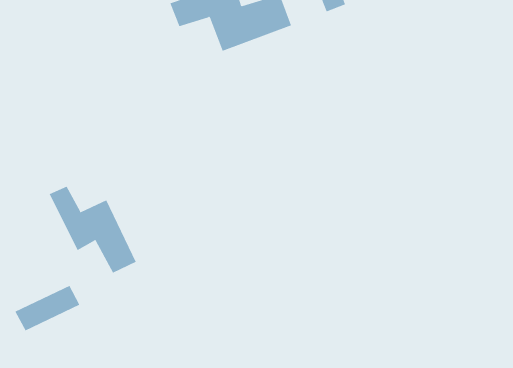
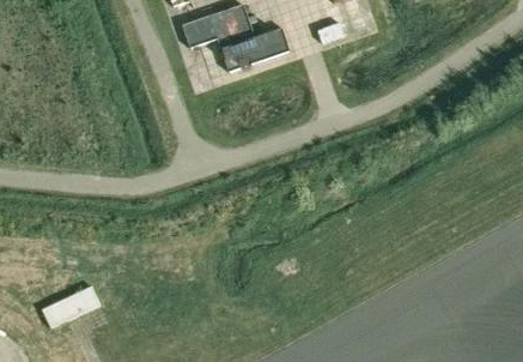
building: [49,186,136,274] -> none

